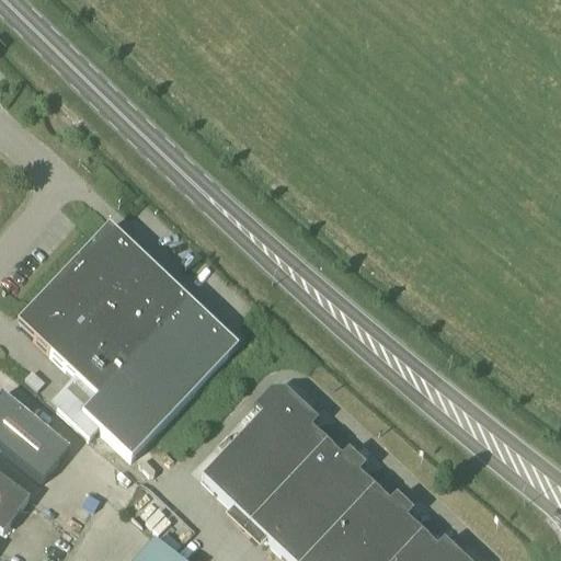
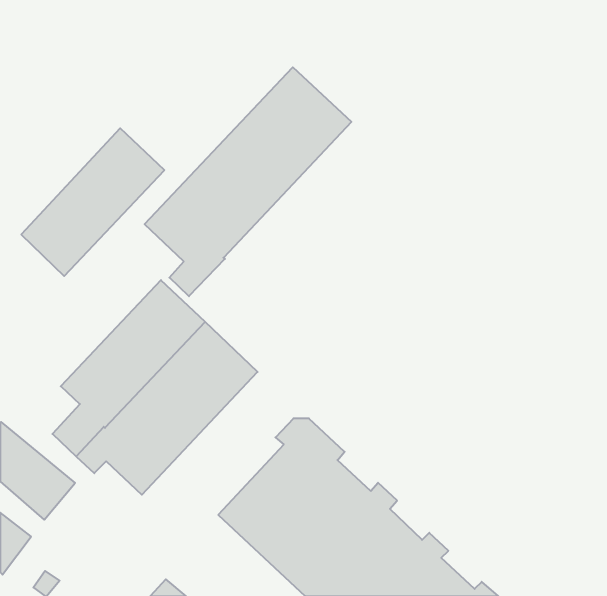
building: none -> [145,67,351,296]
building: [19,219,150,355] -> [21,128,164,276]

